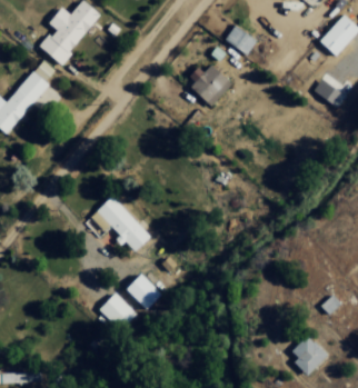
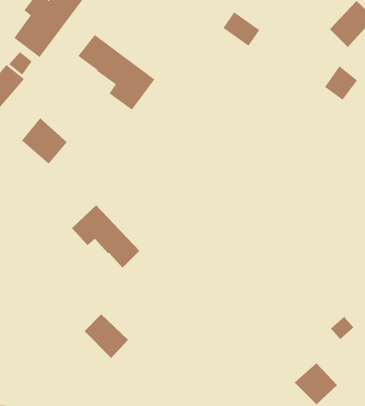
building: none -> [78,34,155,110]
building: [185,64,232,106] -> none
building: none -> [21,117,68,165]
building: [127,272,165,310] -> none

